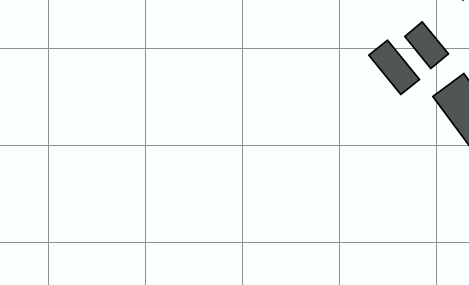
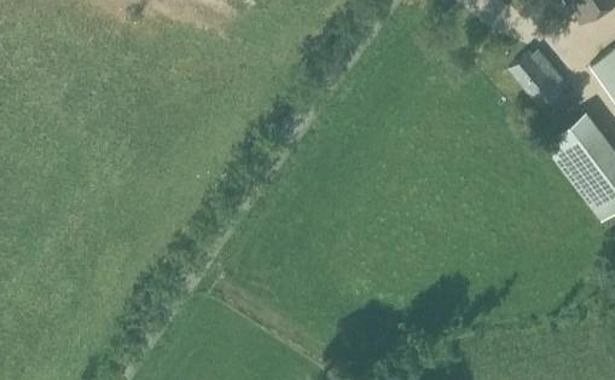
building: [369,40,420,94] -> none

